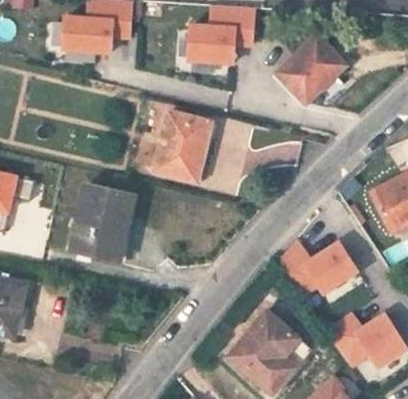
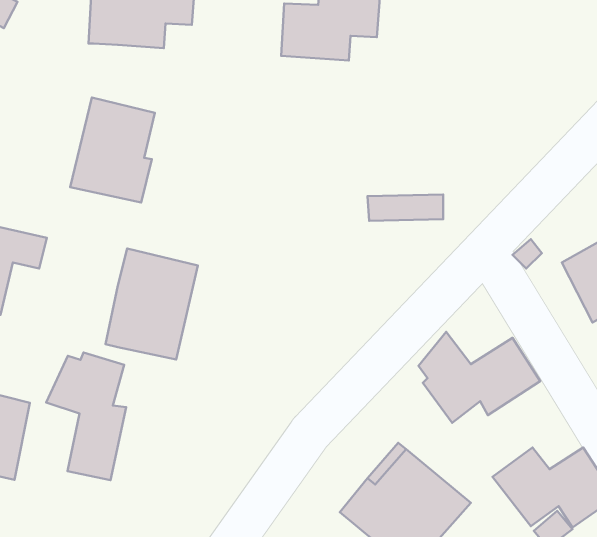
building: [276,35,346,104] -> none
building: [154,114,209,182] -> [70,98,155,202]
building: none -> [46,353,126,480]

